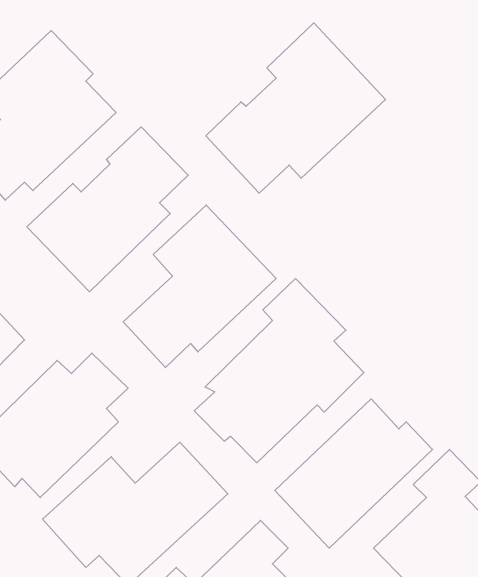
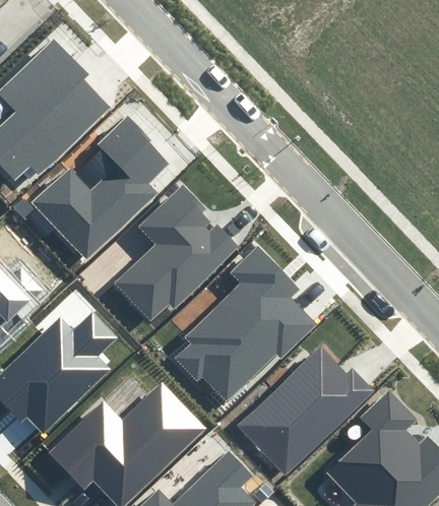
building: [206,23,386,193] -> none

